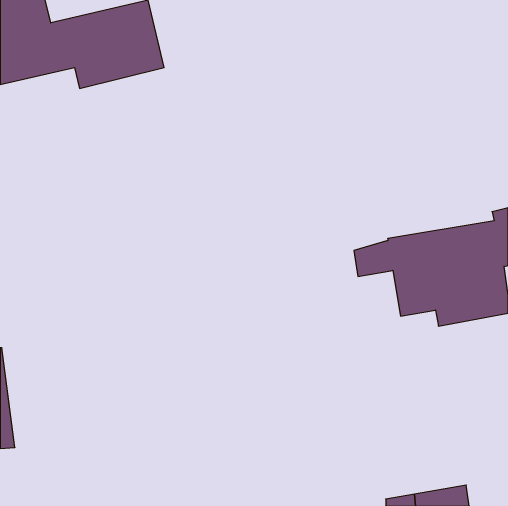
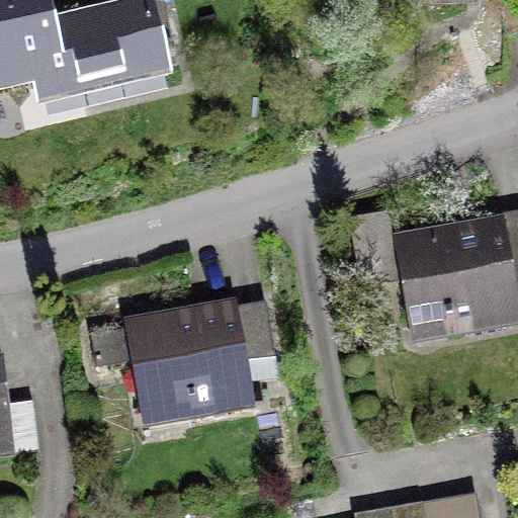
building: none -> [91,303,275,414]

